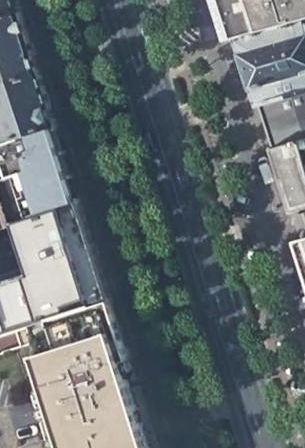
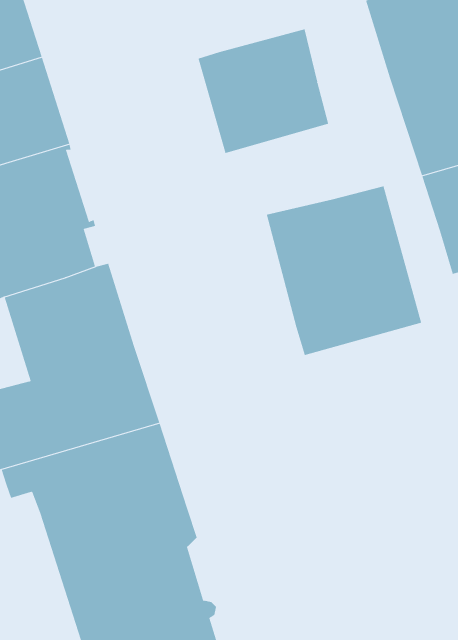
building: none -> [198,29,329,154]
building: none -> [266,185,422,356]

